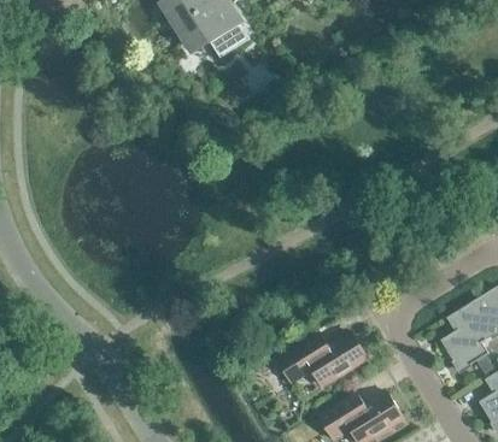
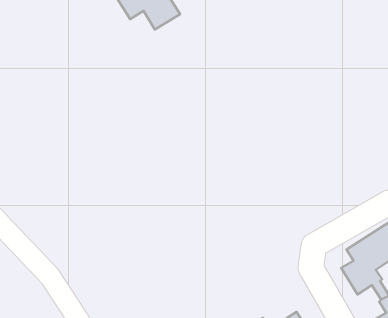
building: [277,334,367,387] -> none

